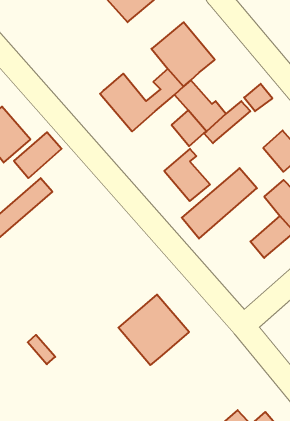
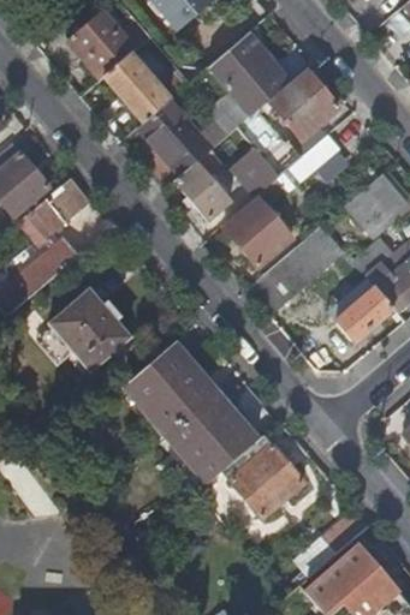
building: none -> [70,8,190,121]
building: none -> [269,68,339,137]
building: none -> [174,149,228,219]
building: none -> [49,288,129,370]
building: none -> [123,341,214,432]
building: none -> [221,434,303,517]

